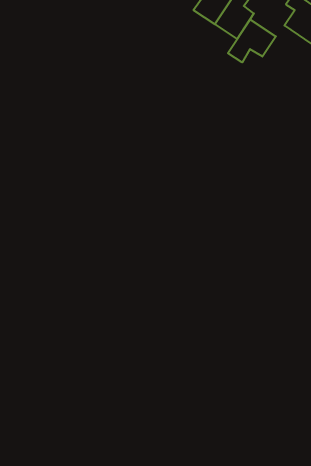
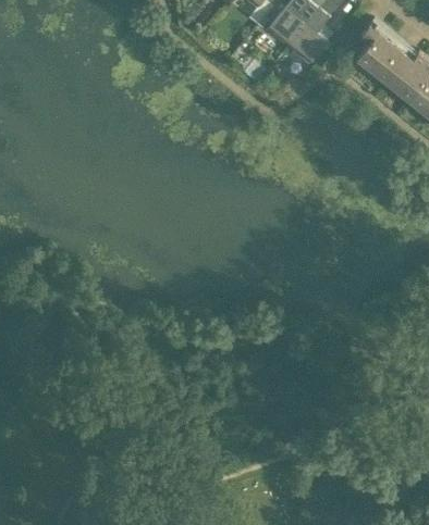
building: [228,19,276,62] -> none

